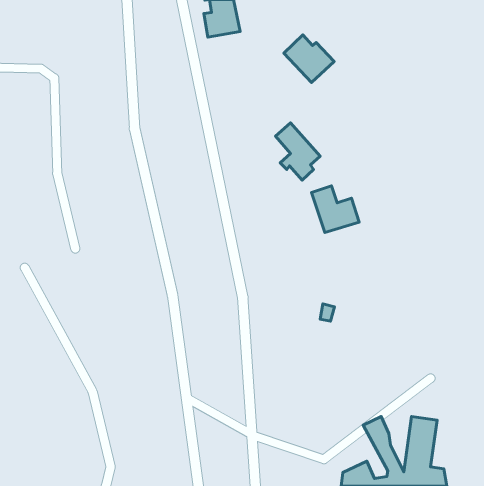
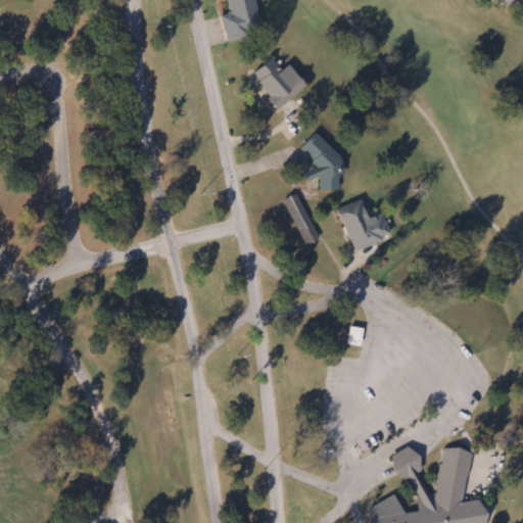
building: [284,35,334,83] -> [251,56,305,107]
building: none -> [283,193,320,244]

